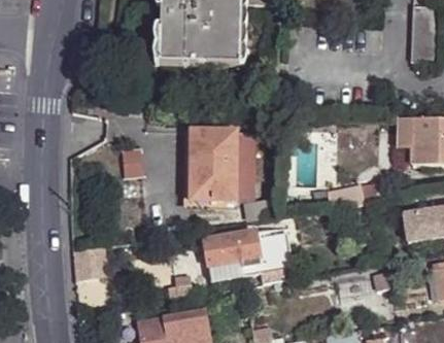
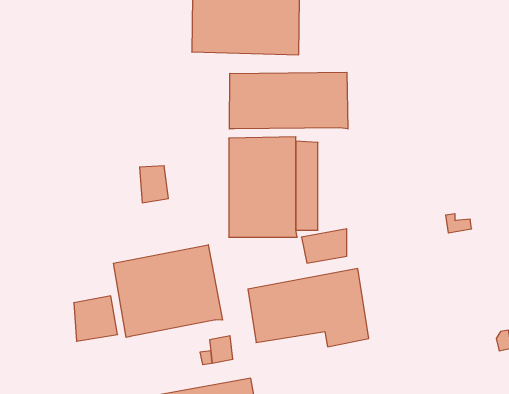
building: none -> [229,72,348,129]
building: none -> [113,245,223,337]

